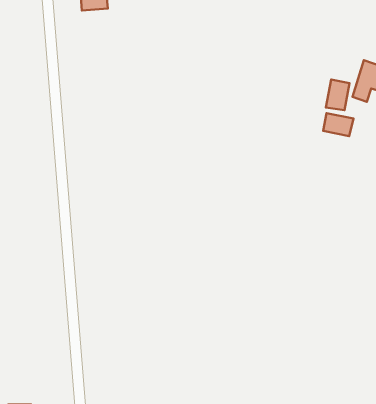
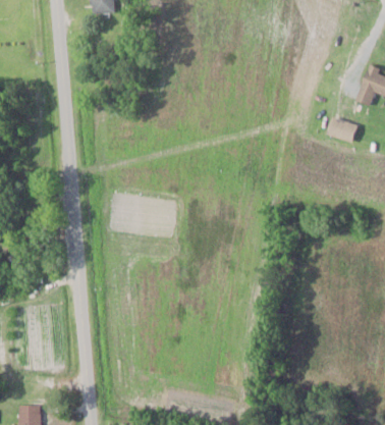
building: [326,79,350,110] -> none

